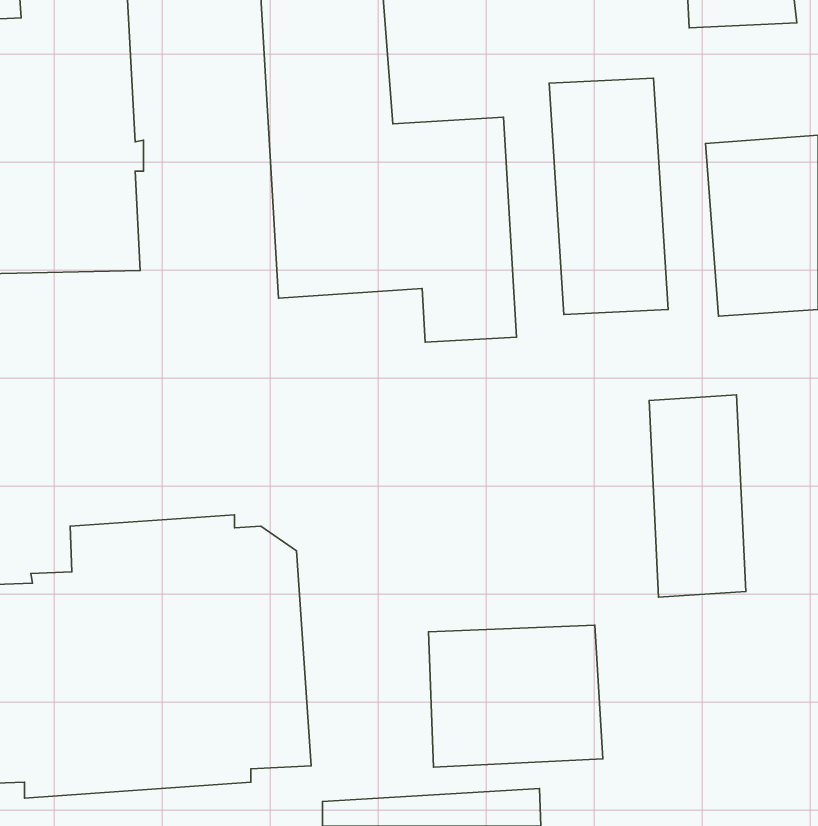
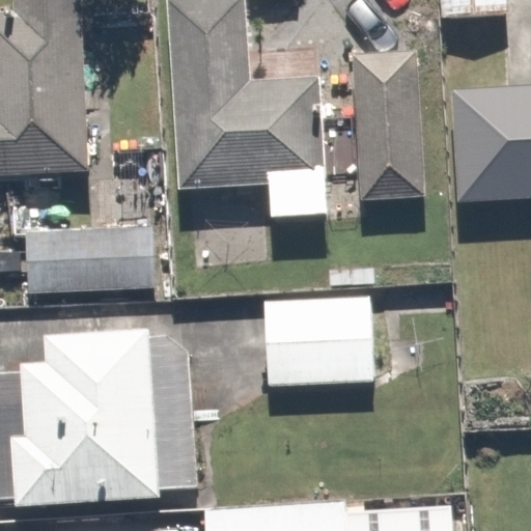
building: none -> [24,226,153,290]
building: [649,395,746,597] -> none
building: [428,625,603,767] -> [262,296,373,386]

